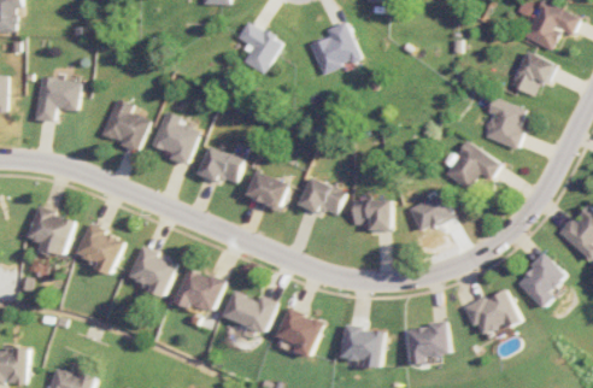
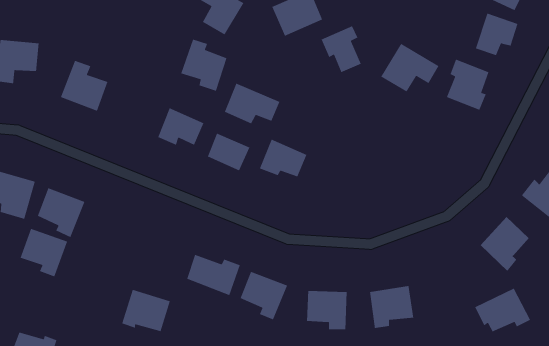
building: none -> [321,25,362,73]
building: [149,112,196,165] -> [180,39,228,92]
building: none -> [224,82,280,124]
building: [442,141,501,190] -> [380,43,440,93]
building: [409,194,453,233] -> none
building: [352,200,391,233] -> none
building: [129,248,177,298] -> [20,228,68,277]
building: [176,269,225,312] -> [121,289,171,332]
building: [464,289,521,334] -> [474,288,531,332]

